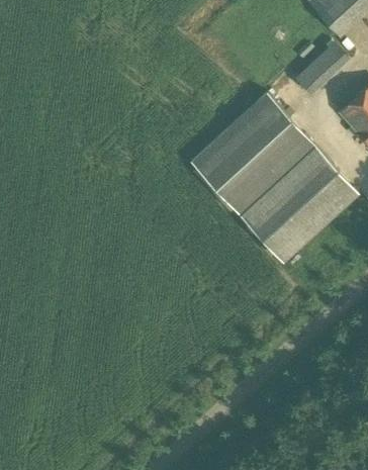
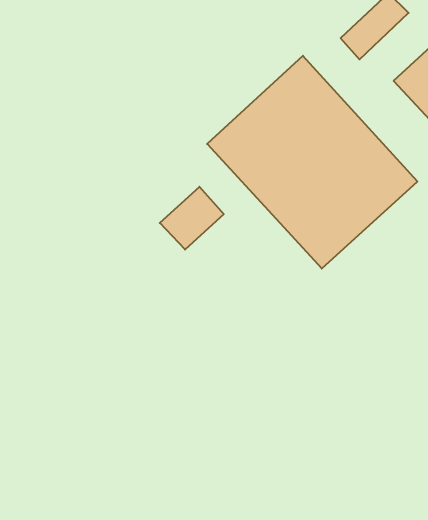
building: none -> [160,187,224,250]

